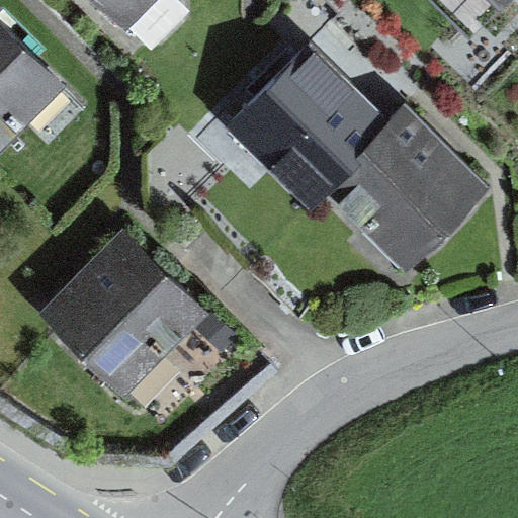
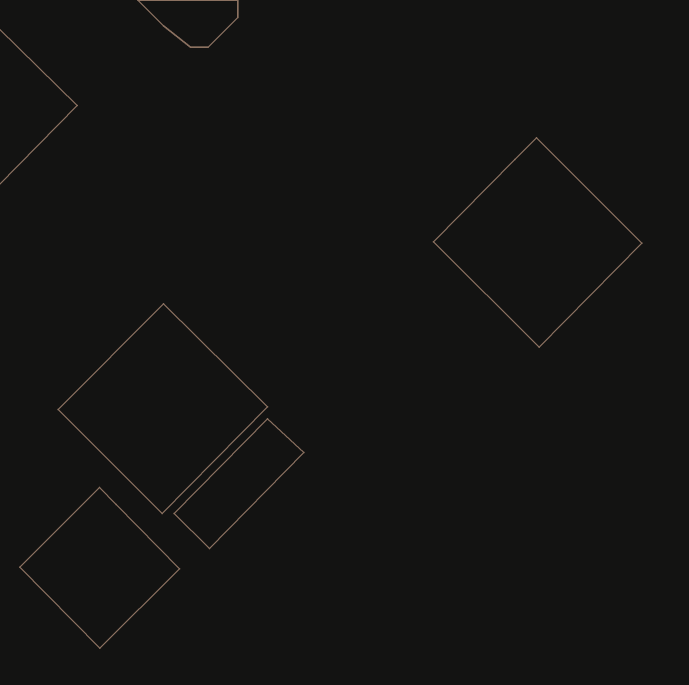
building: [230,46,385,201] -> none
building: none -> [20,488,179,648]

